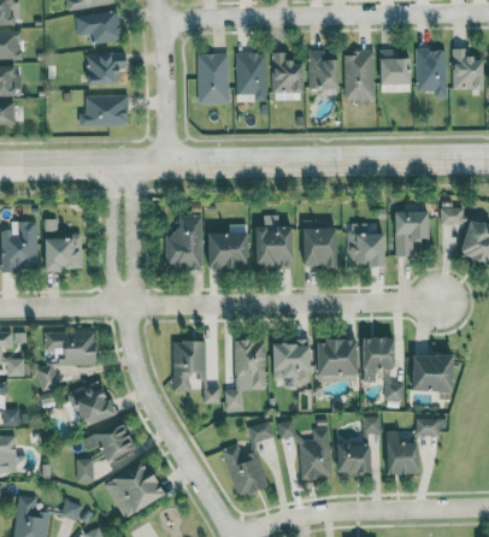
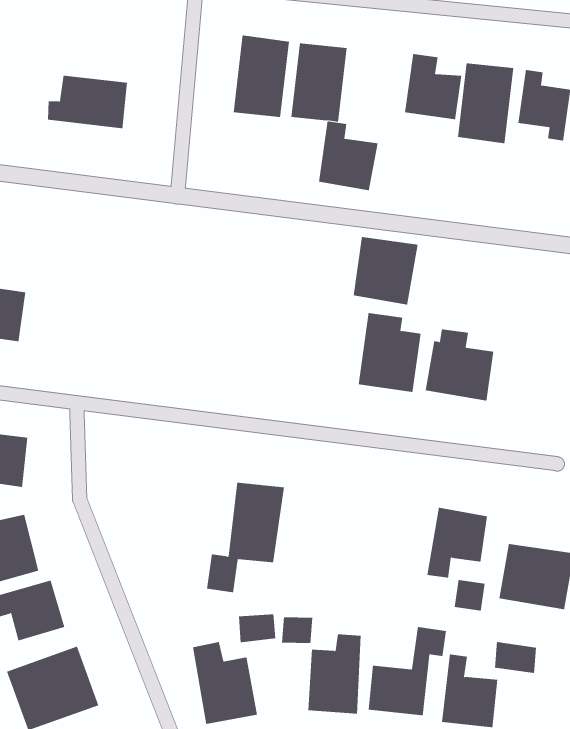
building: [86,53,128,85] -> none
building: [271,53,306,94] -> [318,121,378,191]
building: [394,212,428,258] -> none
building: [166,214,204,271] -> none
building: [257,229,294,268] -> [353,236,418,305]
building: [210,232,251,270] -> none
building: [318,341,360,376] -> none
building: [172,342,219,403] -> none
building: [272,342,311,384] -> none

